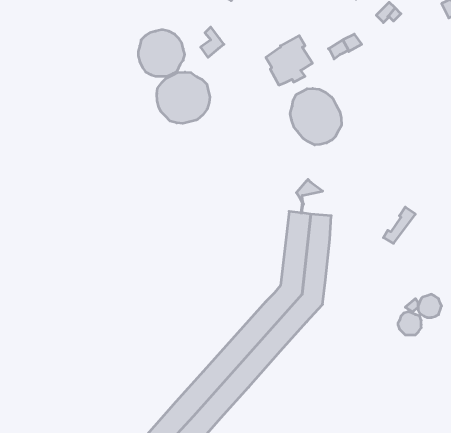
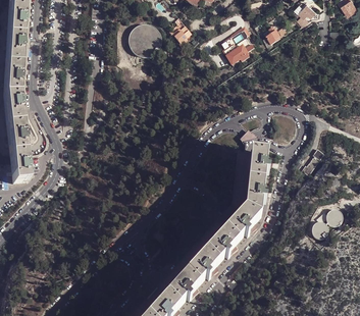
building: [157,72,210,123] -> none
building: [290,88,341,145] -> none

